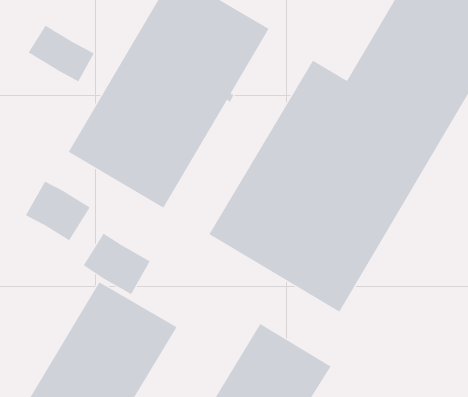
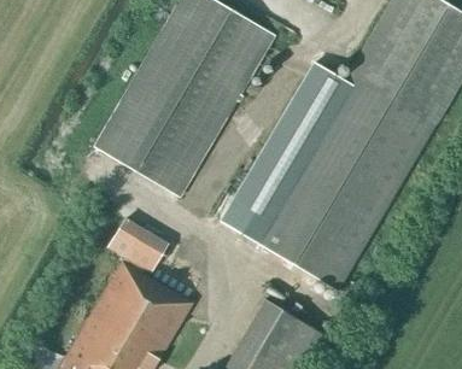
building: [28,25,94,82] -> none
building: [25,181,91,241] -> none

